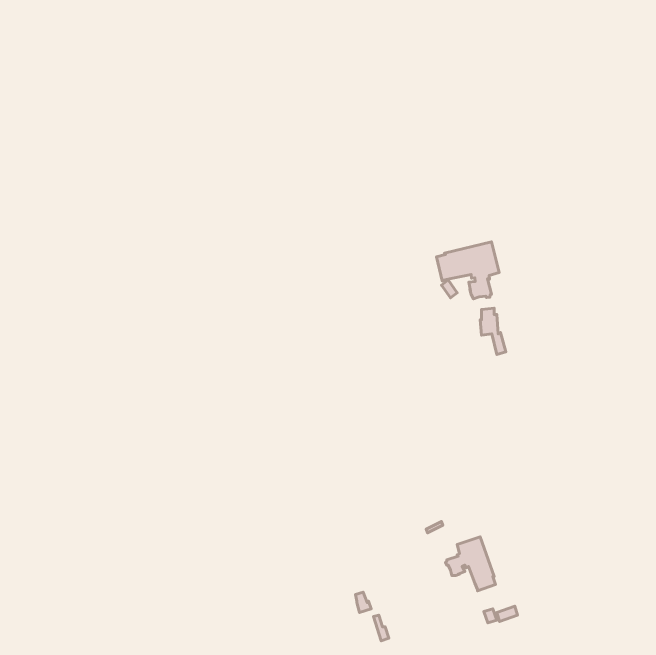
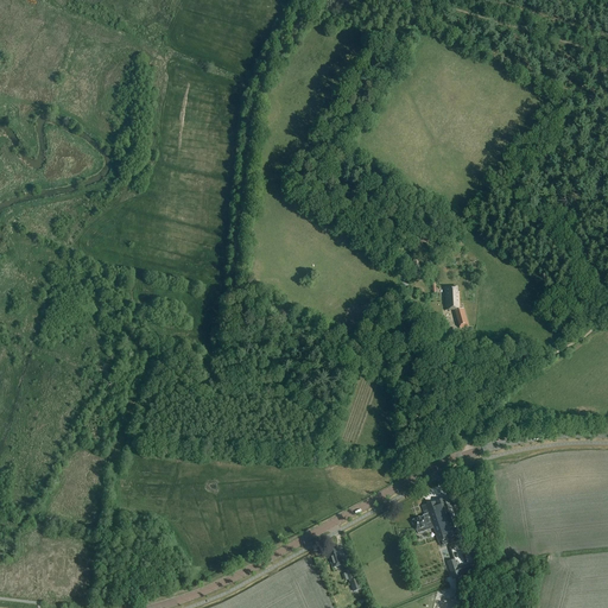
building: [436,242,499,299] -> none

